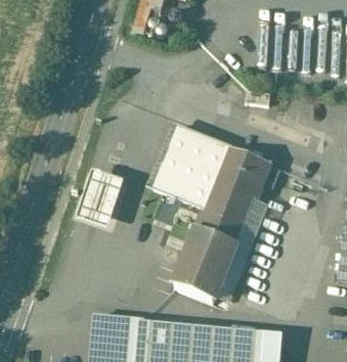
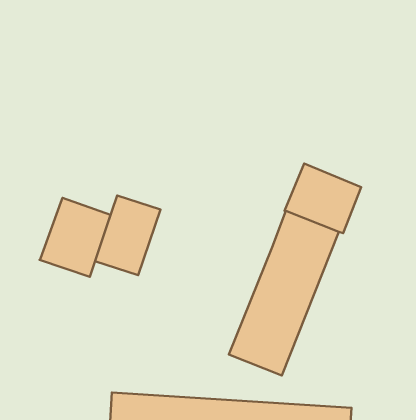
building: [153,127,229,209] -> none
building: none -> [40,198,111,277]

